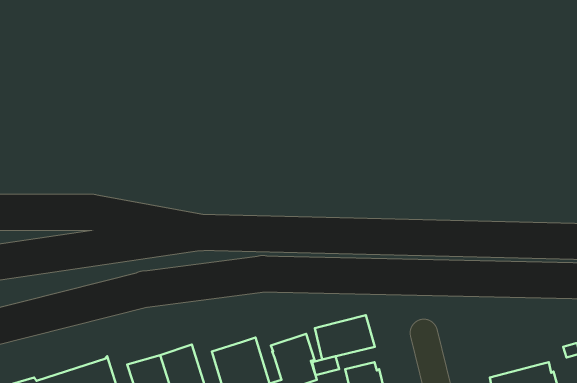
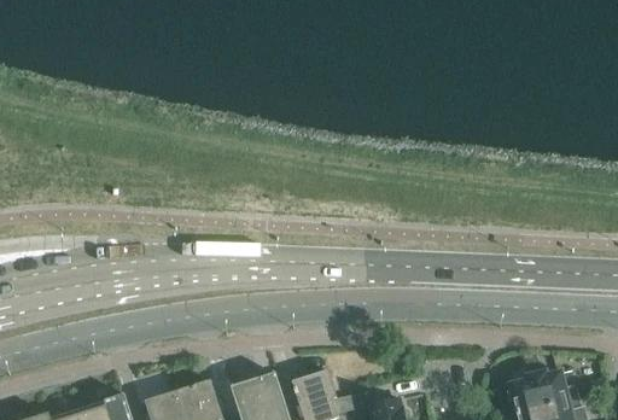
building: [315,315,375,360] -> none
building: none -> [509,372,567,413]

